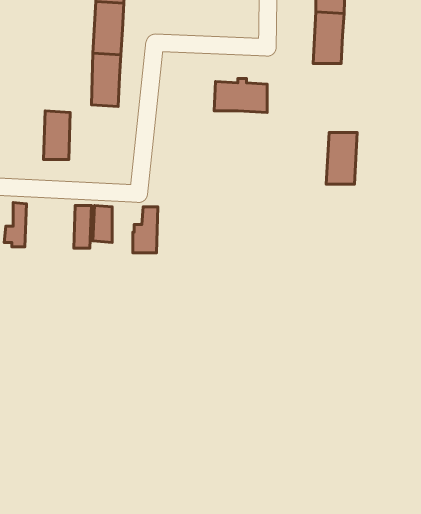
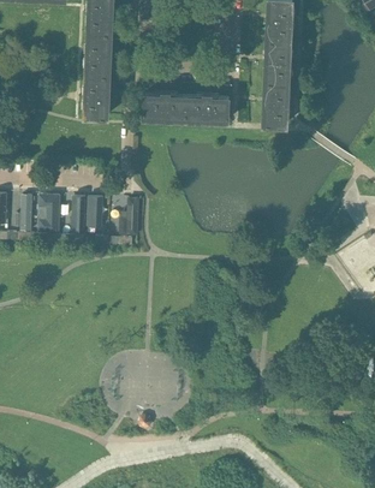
building: none -> [144,94,186,121]
building: [44,111,70,160] -> [38,196,60,236]
building: [326,133,357,184] -> [263,83,288,125]

